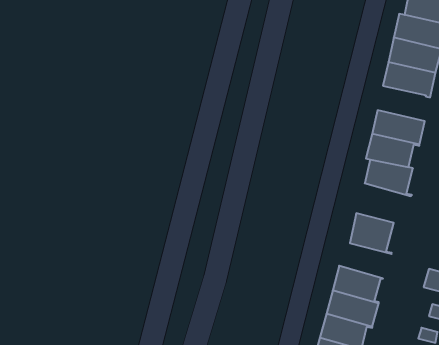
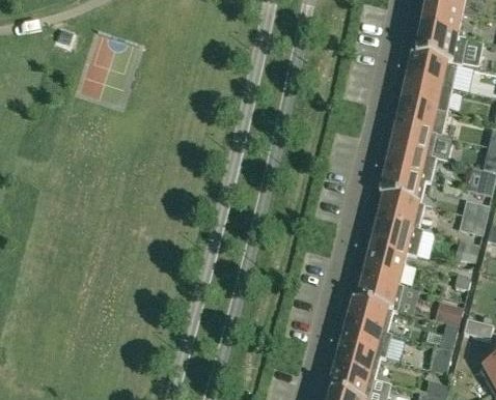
building: none -> [389,122,436,156]
building: none -> [368,217,421,255]
building: none -> [352,275,403,310]

